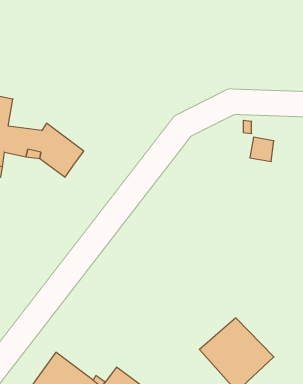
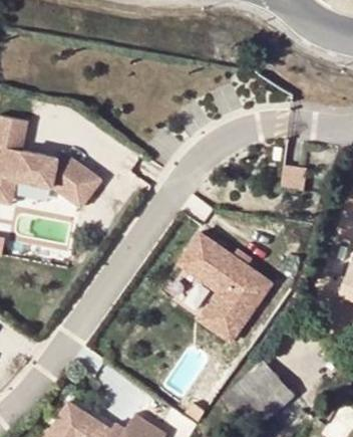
building: none -> [176,237,270,346]

